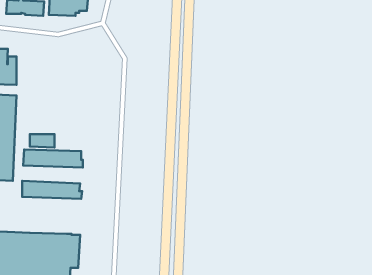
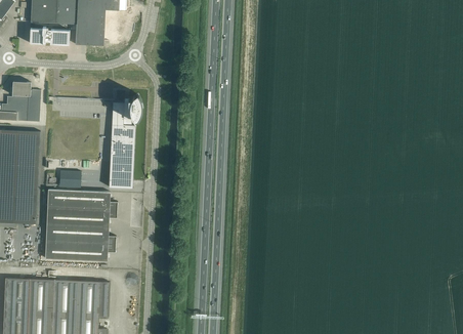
building: none -> [109,94,139,180]
building: none -> [46,207,112,226]
building: none -> [45,241,115,260]

